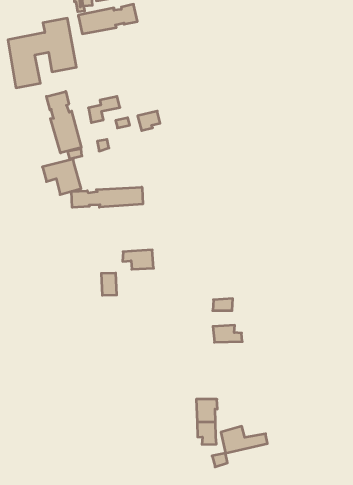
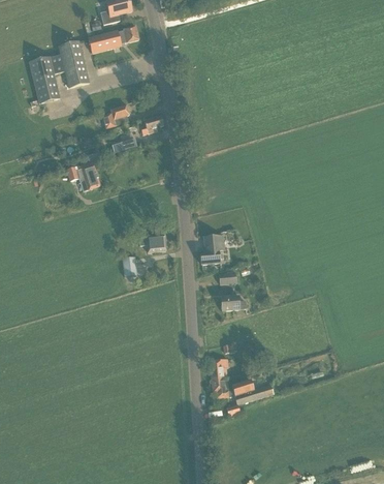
building: [46,91,81,153] -> none
building: [72,187,143,207] -> none
building: none -> [200,235,224,264]

